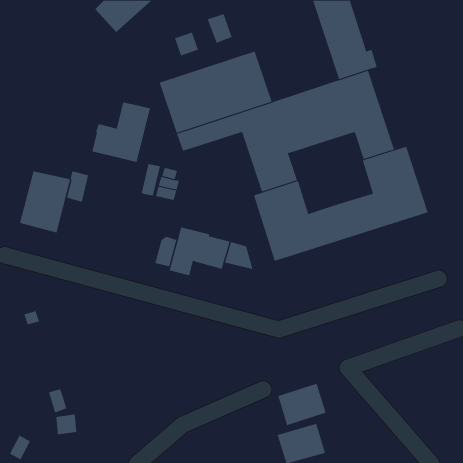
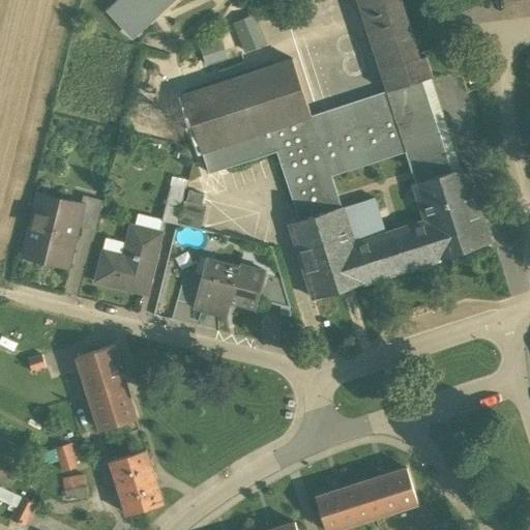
building: [92,102,151,163] -> [94,226,161,295]
building: none -> [341,199,384,244]
building: none -> [77,346,136,430]
building: [277,383,326,426] -> [361,469,417,518]
building: none -> [109,449,163,514]

